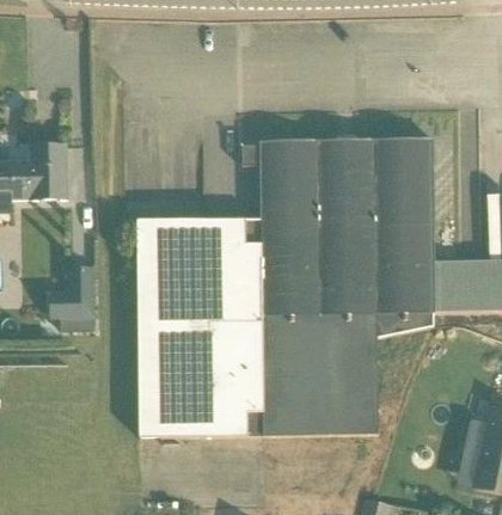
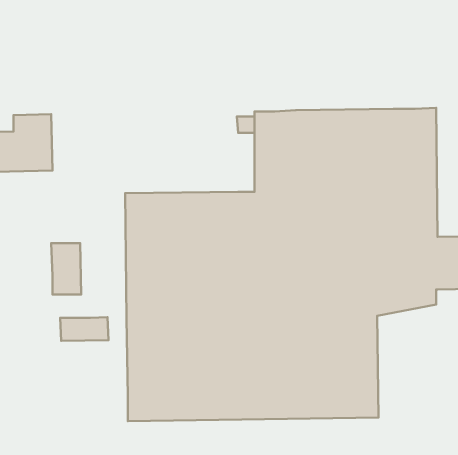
building: none -> [60,317,109,341]

